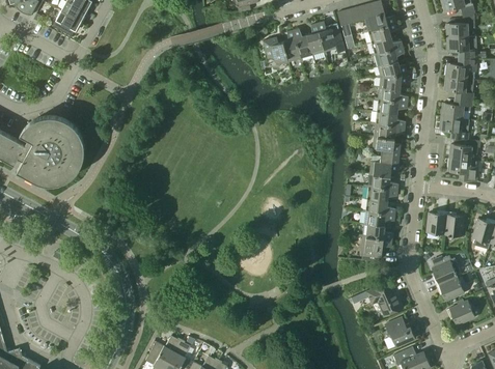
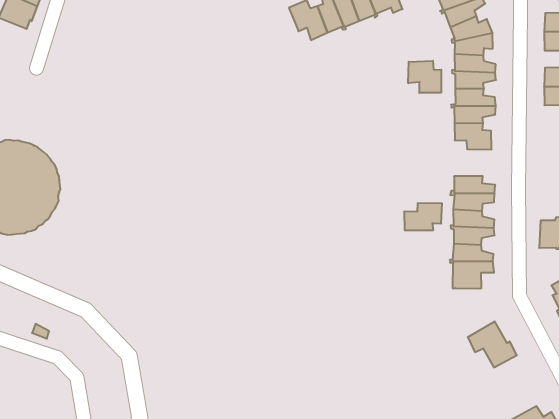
building: none -> [408,61,441,93]
building: [369,155,398,176] -> [404,203,442,230]
building: [385,317,414,346] -> none

